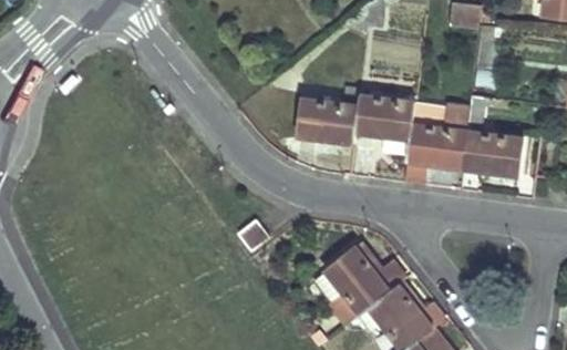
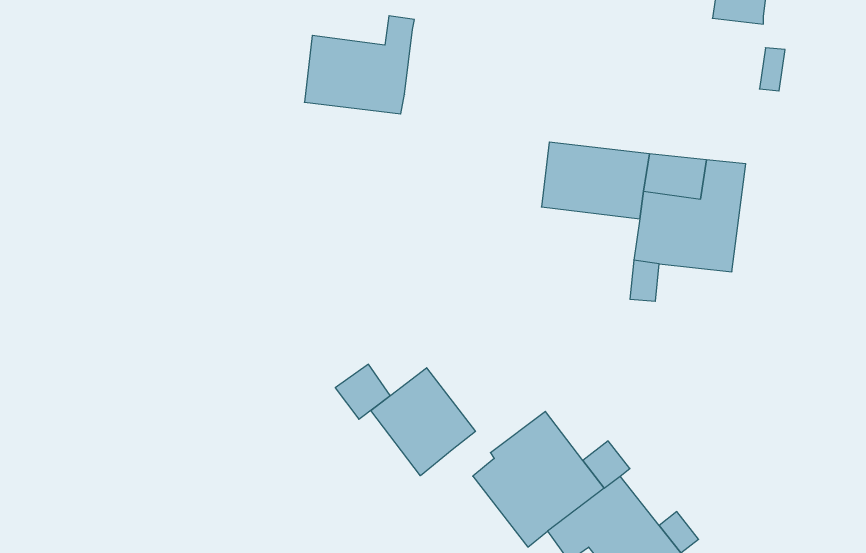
building: [298,86,360,142] -> [304,16,414,114]
building: [462,95,523,174] -> none
building: none -> [371,368,475,476]

